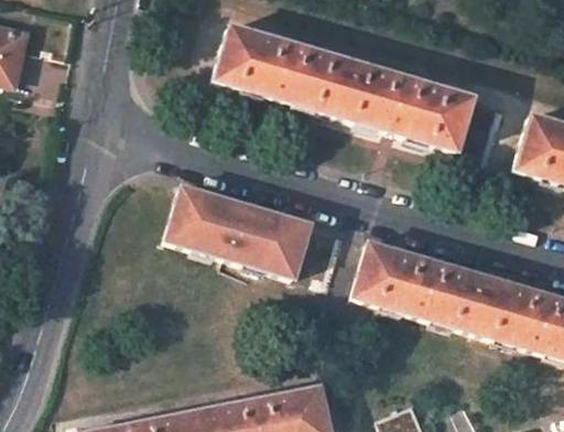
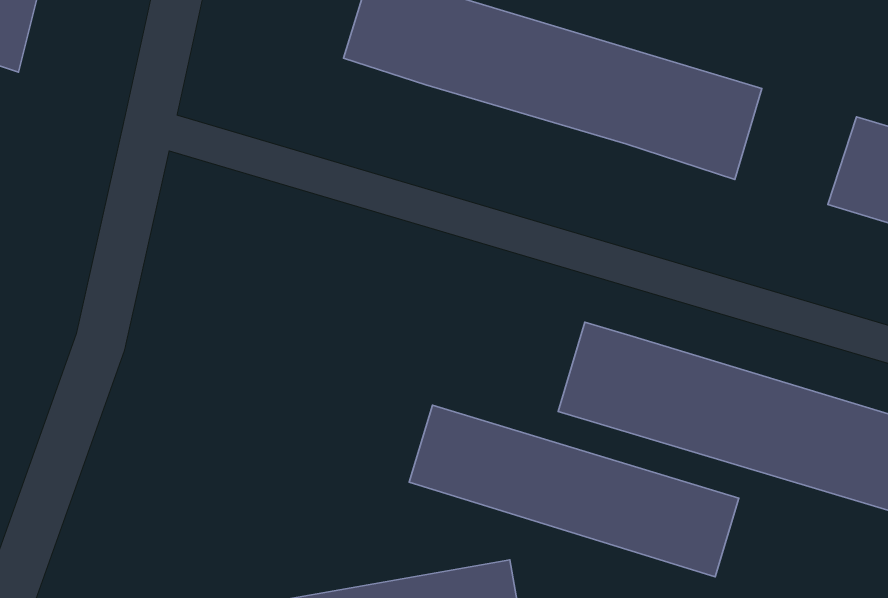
building: [167,185,312,279] -> none
building: none -> [409,405,739,577]

